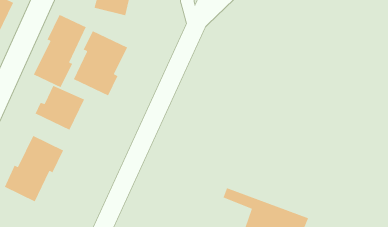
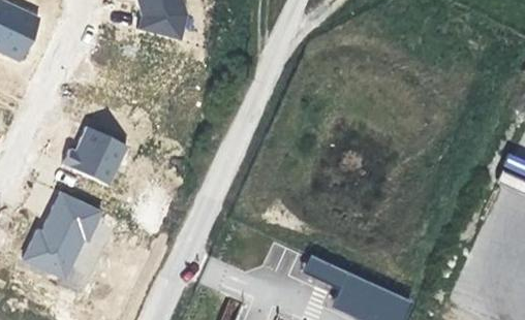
building: [33,14,87,88] -> none
building: [73,30,128,96] -> none

